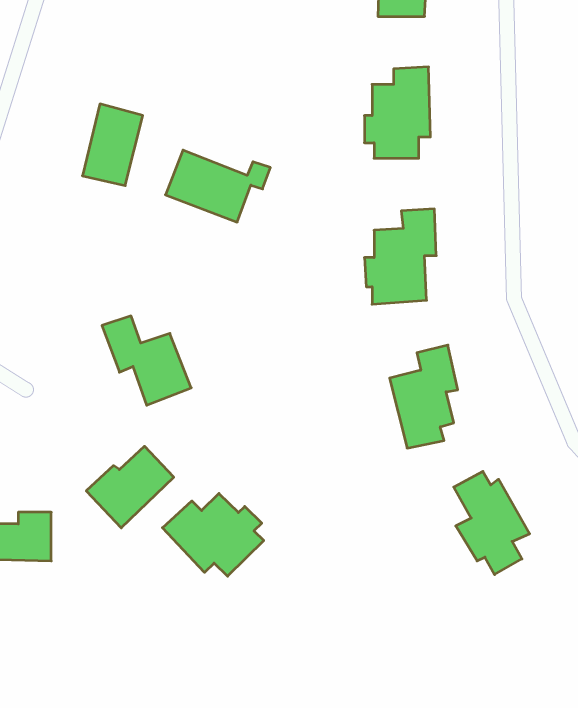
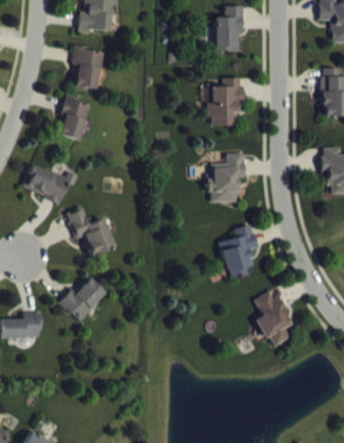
building: none -> [72,47,102,88]
building: [165,150,270,222] -> [23,164,78,202]
building: [162,493,264,576] -> none

